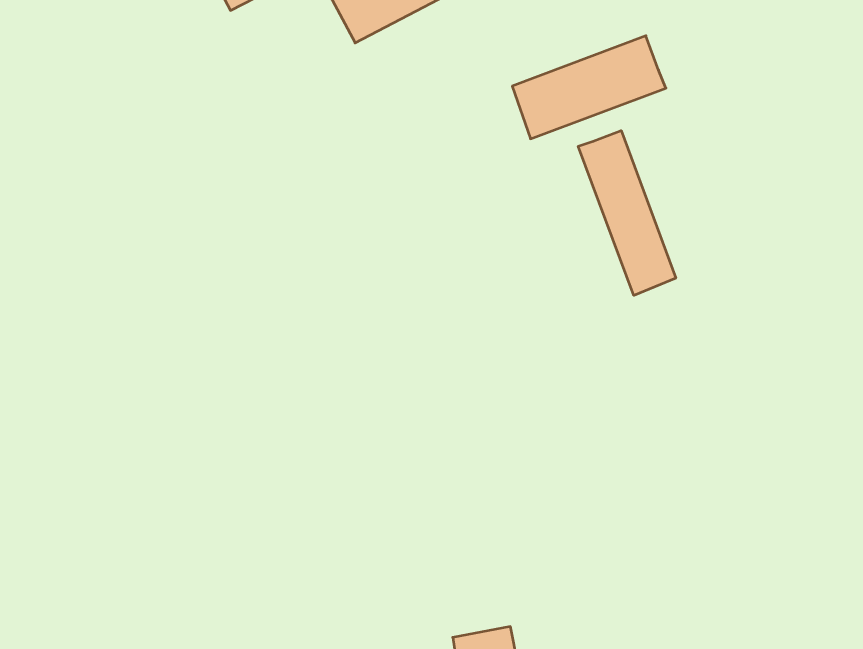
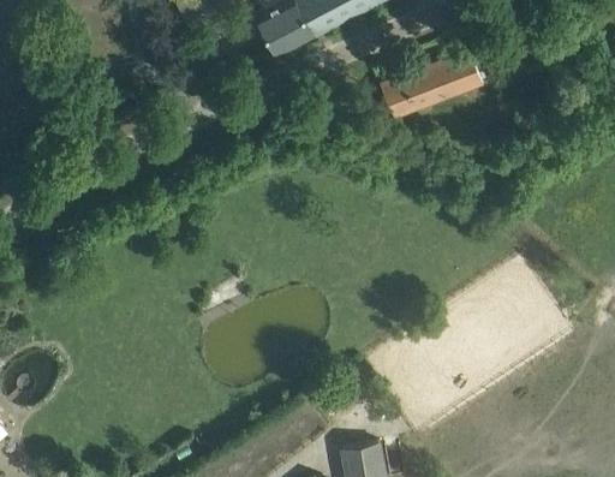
building: [578,131,676,295] -> none

